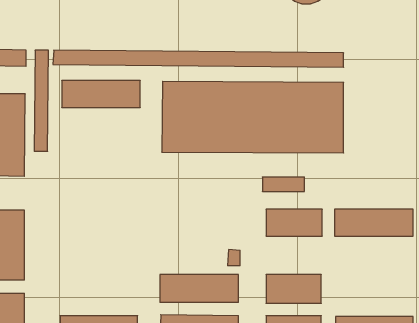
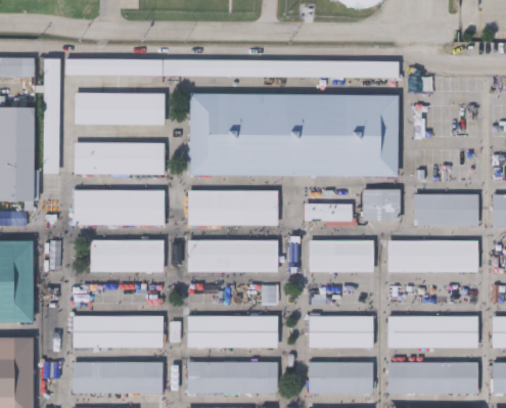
building: none -> [74,143,164,174]
building: none -> [363,189,400,220]
building: none -> [73,190,164,225]
building: none -> [188,190,277,225]
building: none -> [414,193,477,225]
building: none -> [187,239,277,271]
building: none -> [90,240,163,271]
building: none -> [72,316,162,347]
building: none -> [387,316,477,348]

